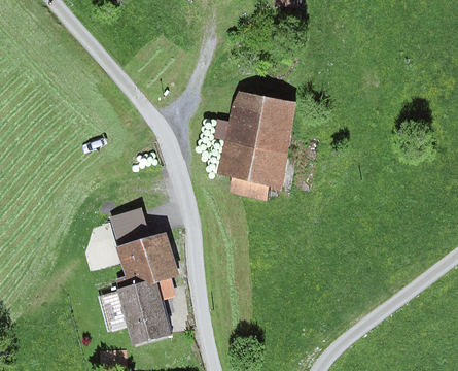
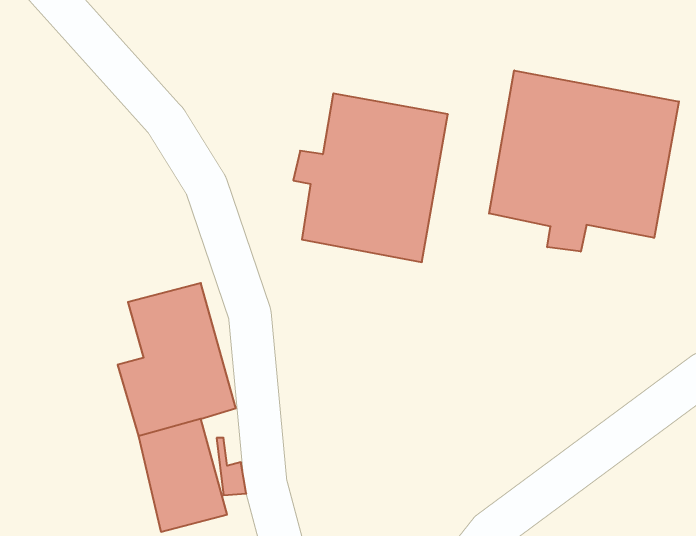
building: none -> [489,70,679,252]

